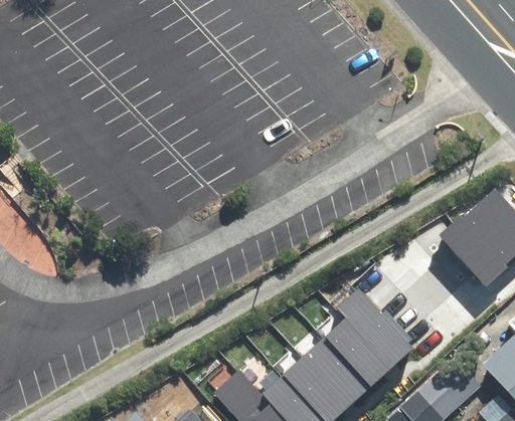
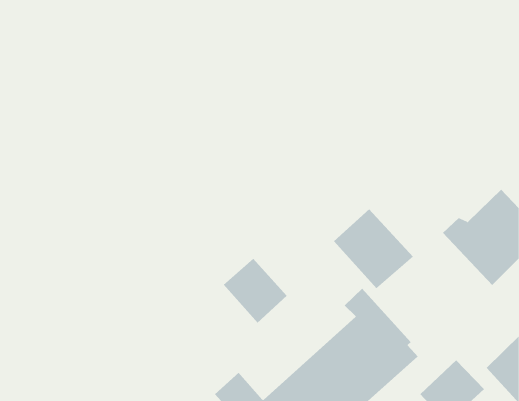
building: none -> [333,208,414,289]
building: none -> [223,258,287,324]

